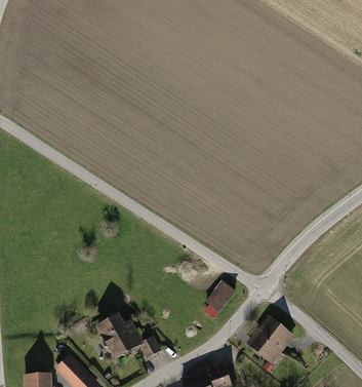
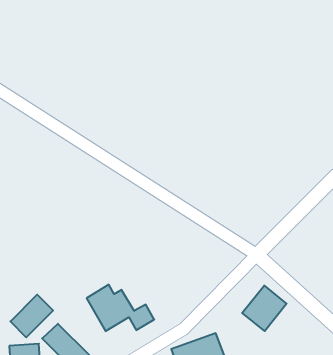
building: [206,281,235,311] -> none
building: none -> [10,295,53,337]

